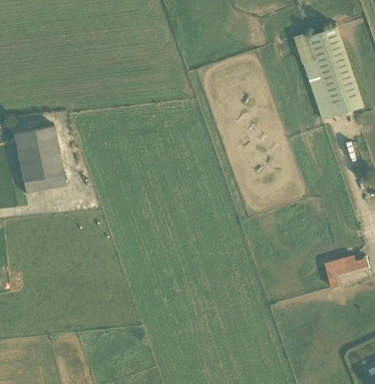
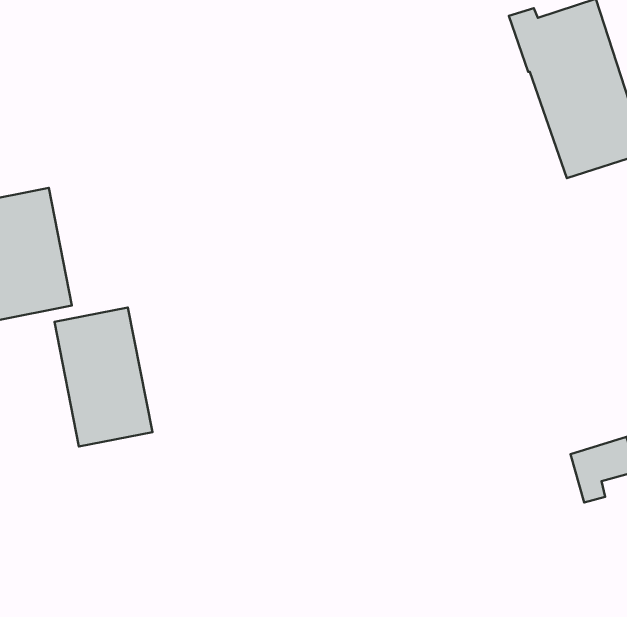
building: none -> [54,308,153,447]

